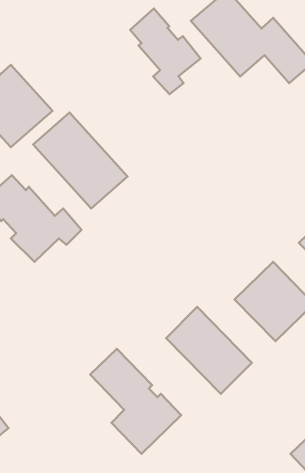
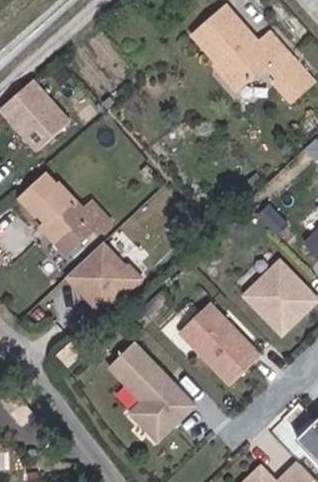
building: [130,9,200,94] -> none
building: [33,112,127,209] -> none
building: none -> [59,250,129,319]

